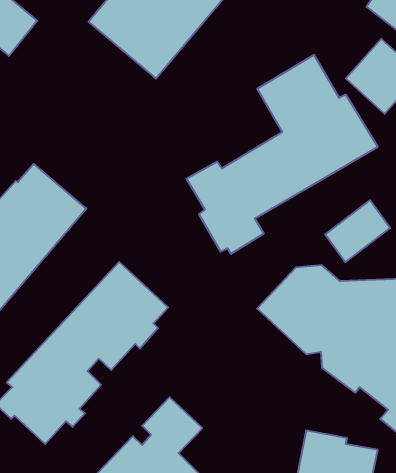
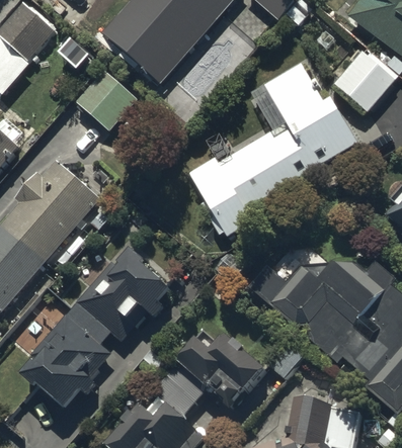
building: none -> [74,69,153,141]
building: [325,200,390,262] -> none
building: none -> [175,335,262,402]

